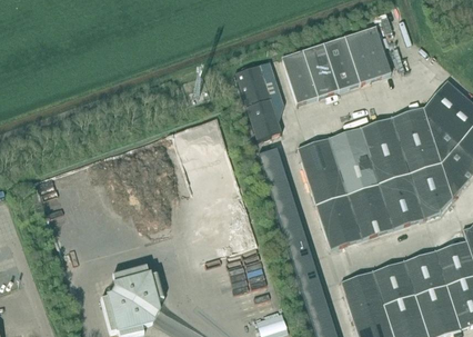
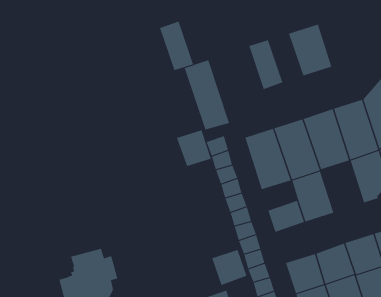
building: [323,37,360,89] -> none
building: [281,50,318,103] -> [159,21,194,71]
building: none -> [176,129,212,167]
building: [379,172,424,228] -> none
building: [315,194,354,226] -> none
building: none -> [211,249,247,286]

